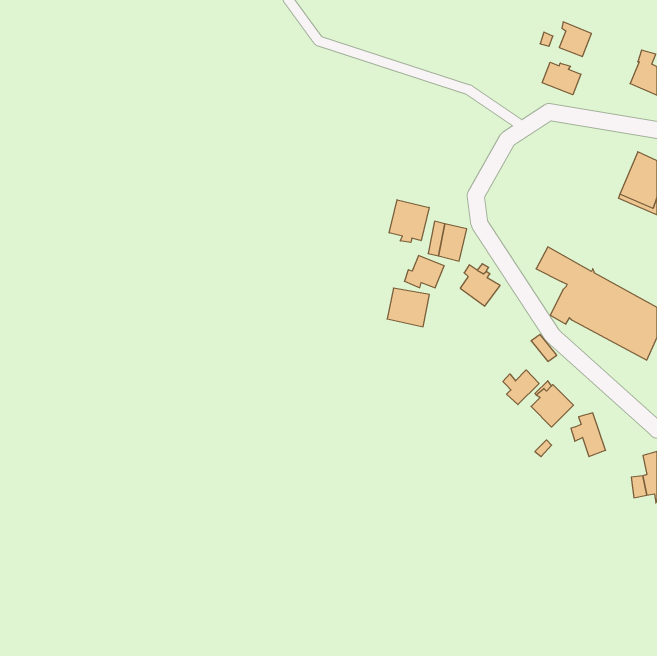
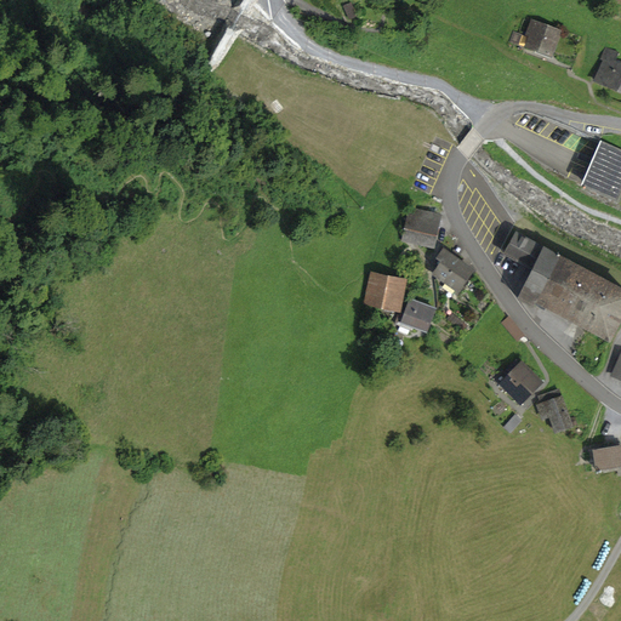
building: [542,62,581,95] -> none
building: [389,200,429,242] -> none
building: [404,256,444,288] -> [397,298,434,329]
building: [503,370,539,405] -> none

